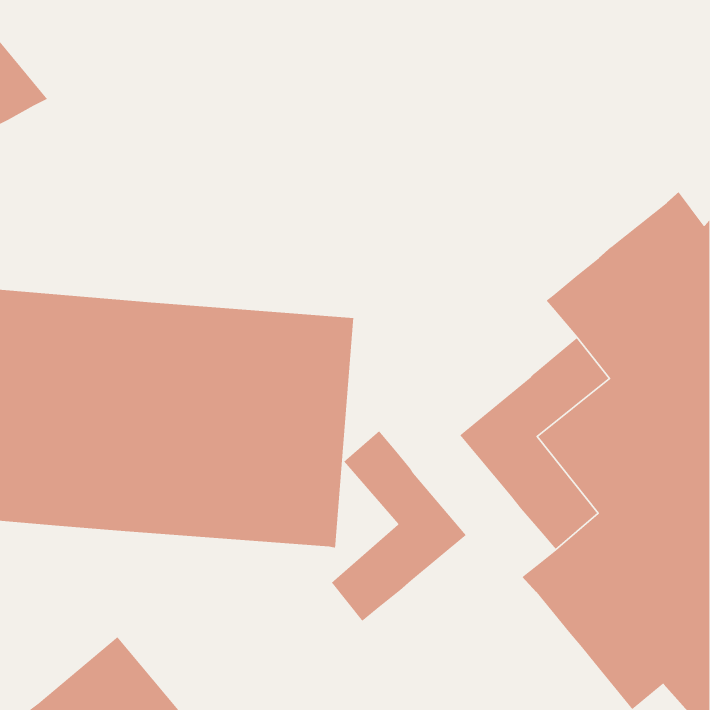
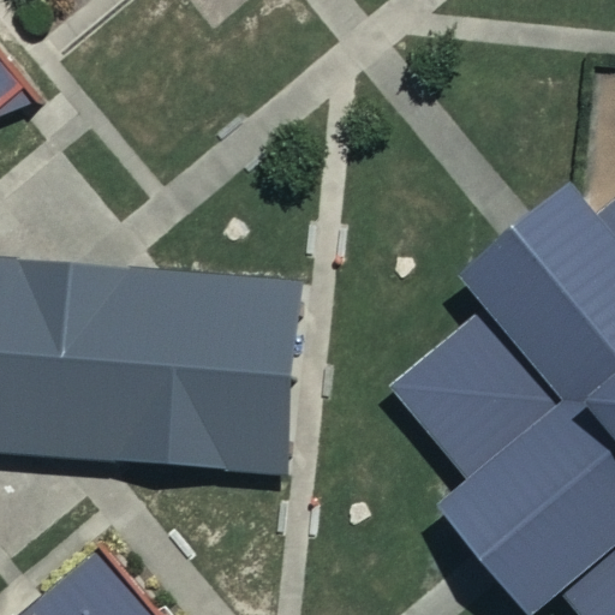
building: [331,430,467,622] -> none

